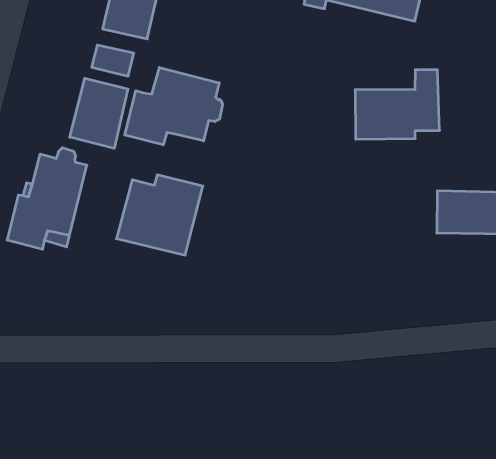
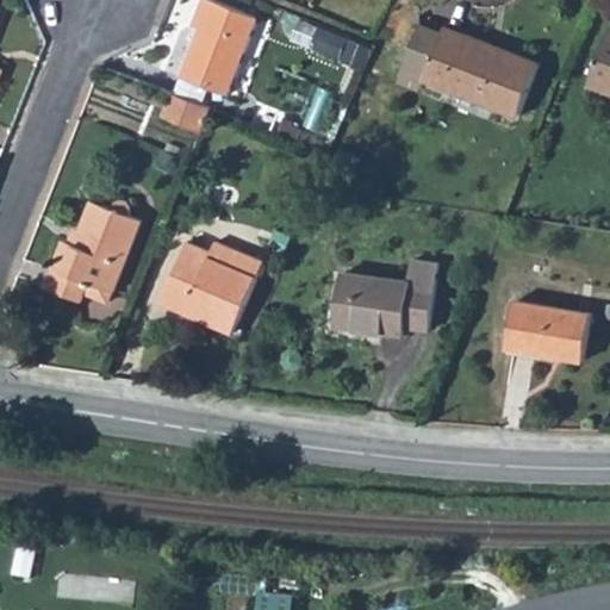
building: [125,67,223,145] -> none
building: [355,70,440,139] -> [335,261,434,335]
building: [70,78,128,148] -> none

